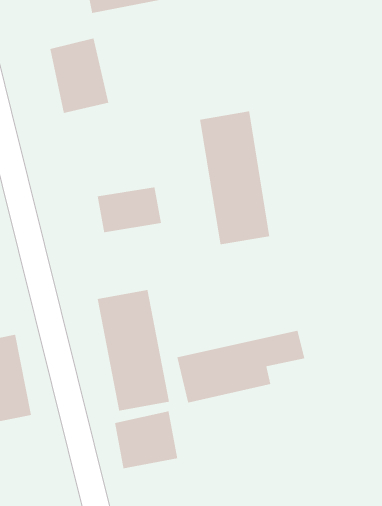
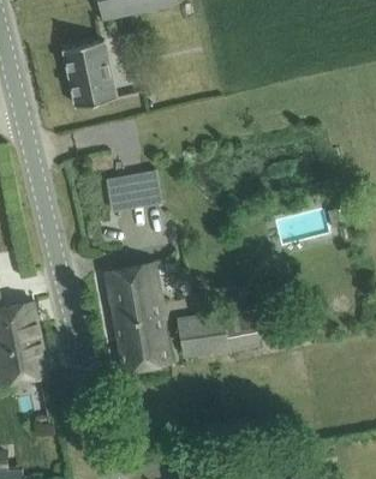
building: [200,110,270,245] -> none
building: [115,411,178,469] -> none

